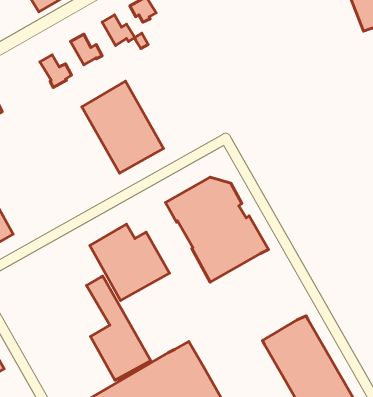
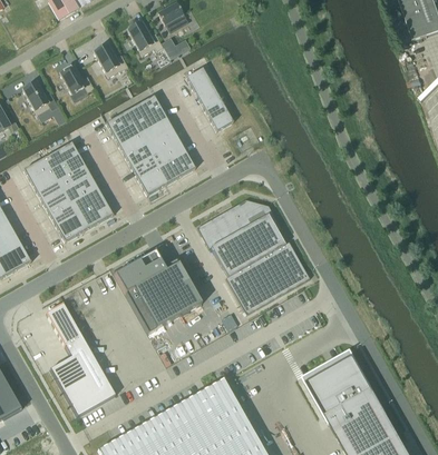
building: none -> [186,67,233,131]
building: none -> [23,81,59,115]
building: none -> [23,141,114,241]
building: [86,276,151,380] -> [46,303,116,416]

